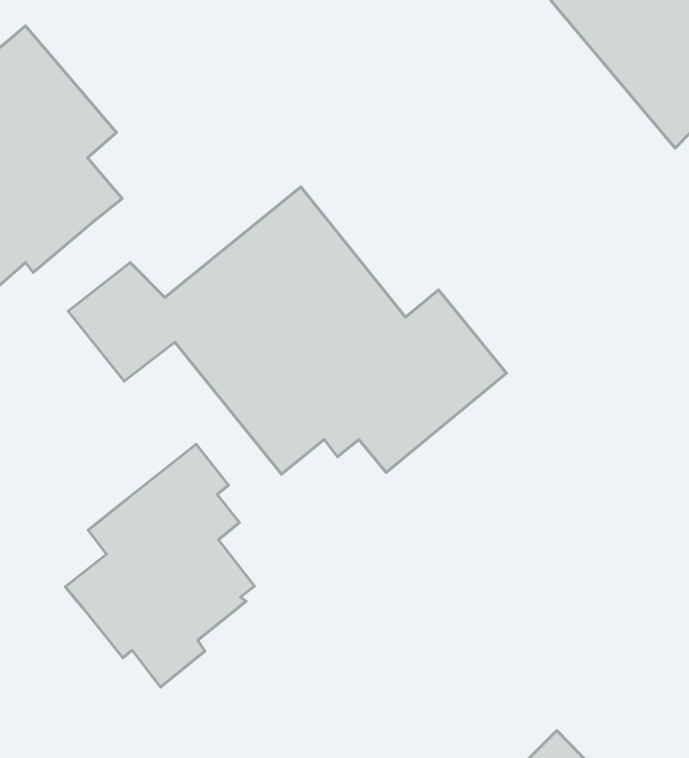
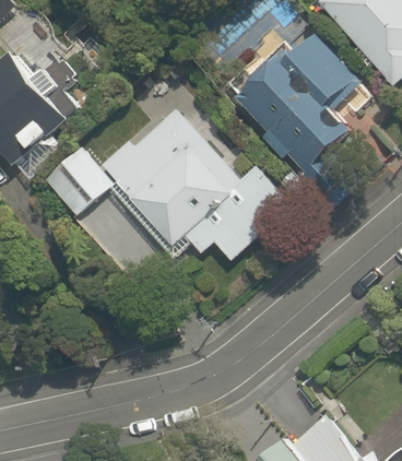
building: none -> [232,36,363,177]
building: [65,444,254,687] -> none

